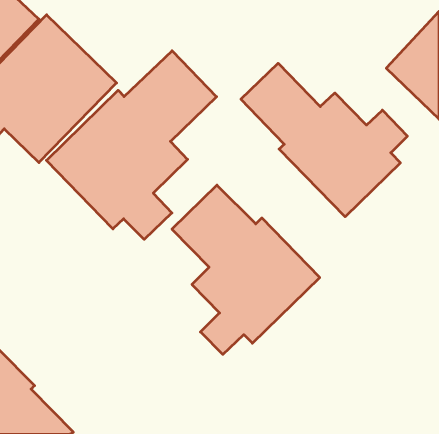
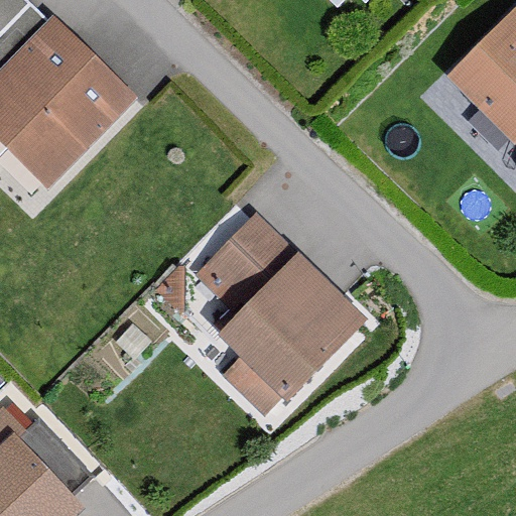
building: [46,51,217,239] -> none
building: [241,63,407,217] -> none

